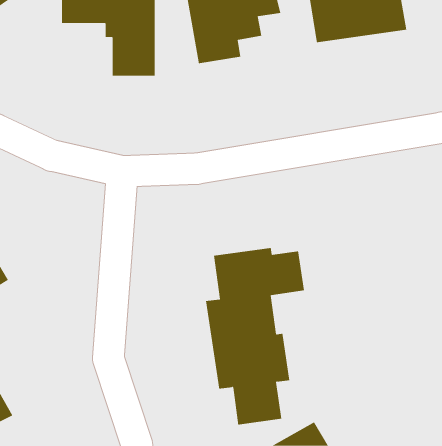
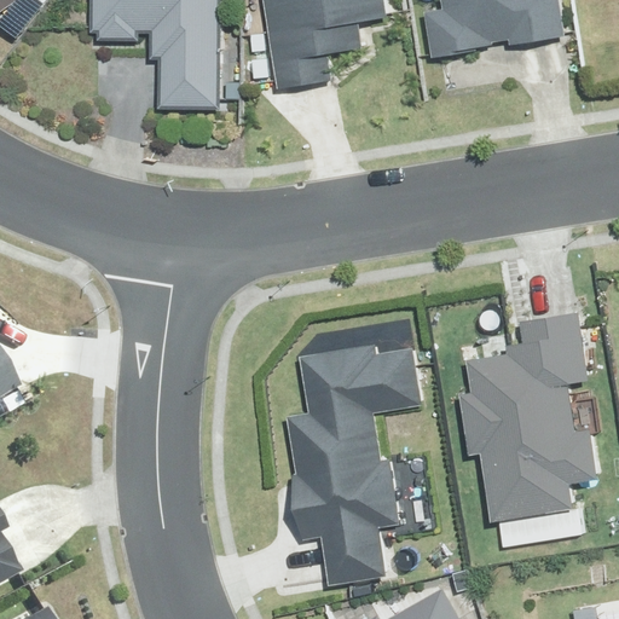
building: none -> [462,314,603,531]

